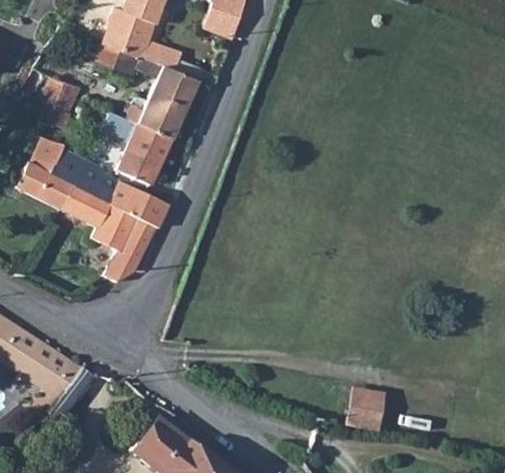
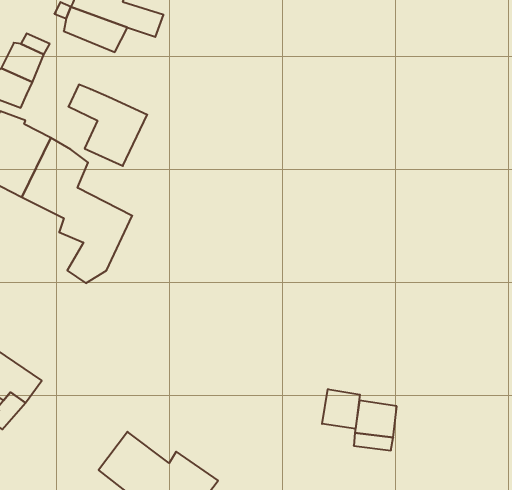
building: [137,68,198,139] -> none
building: [110,180,169,226] -> none
building: none -> [322,389,360,429]

